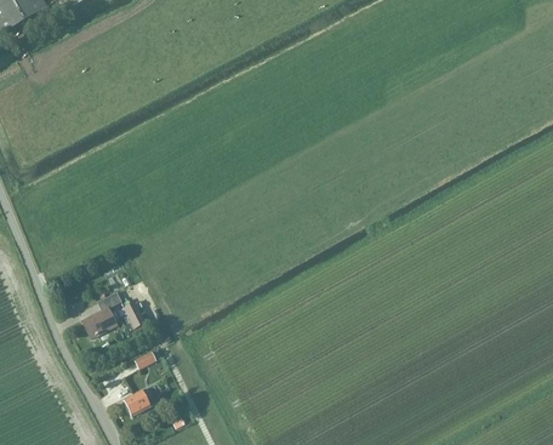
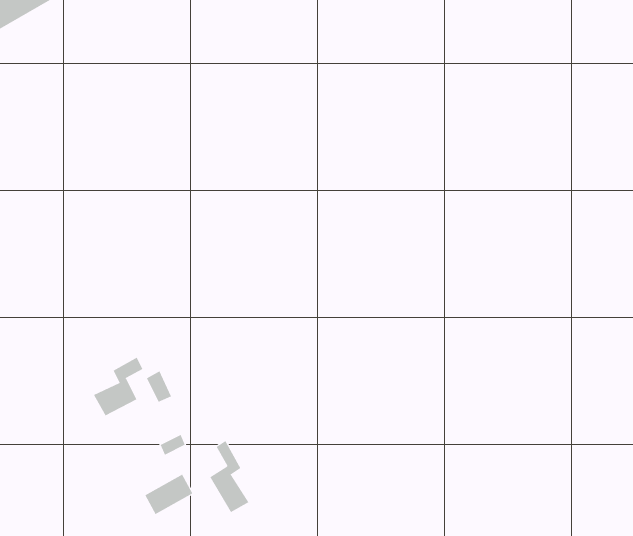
building: none -> [210,440,249,513]

